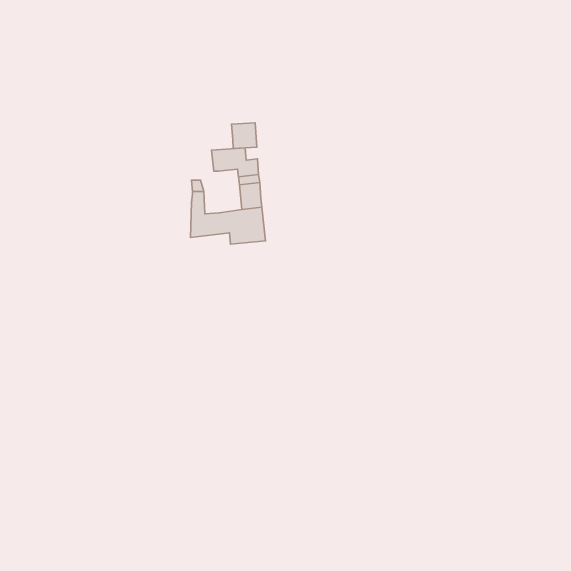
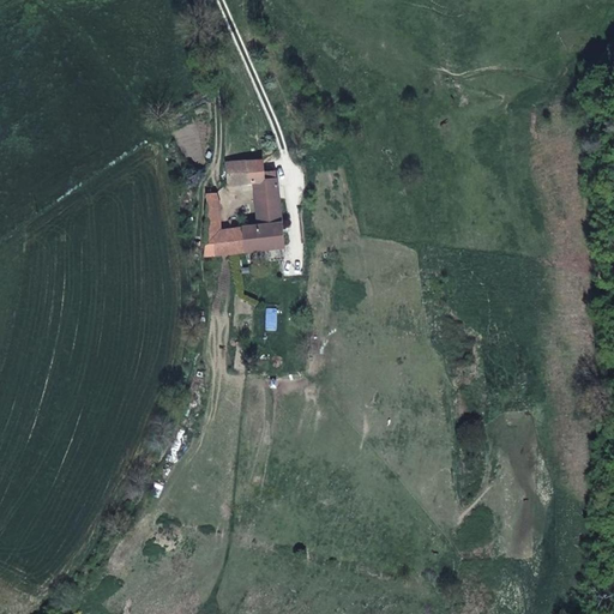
building: [231,123,257,148] -> none

